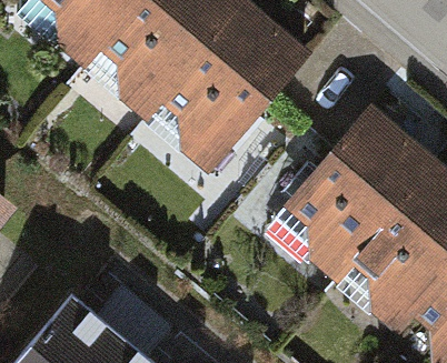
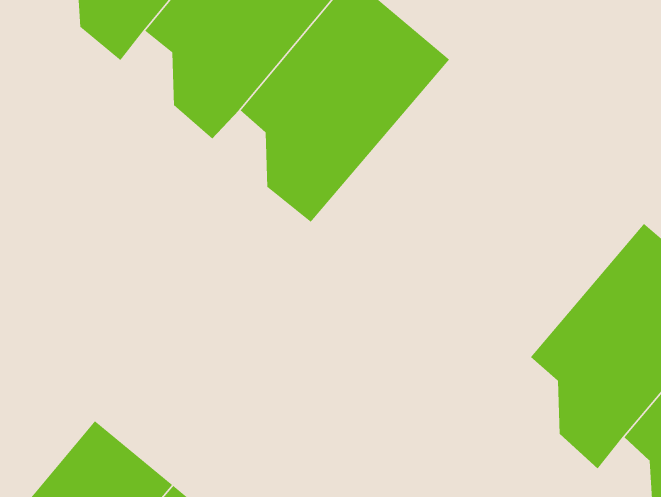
building: [292,112,430,273] -> none

